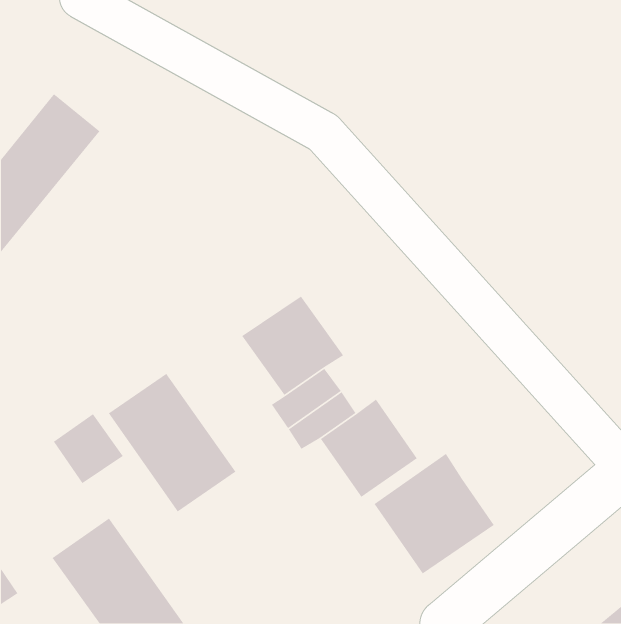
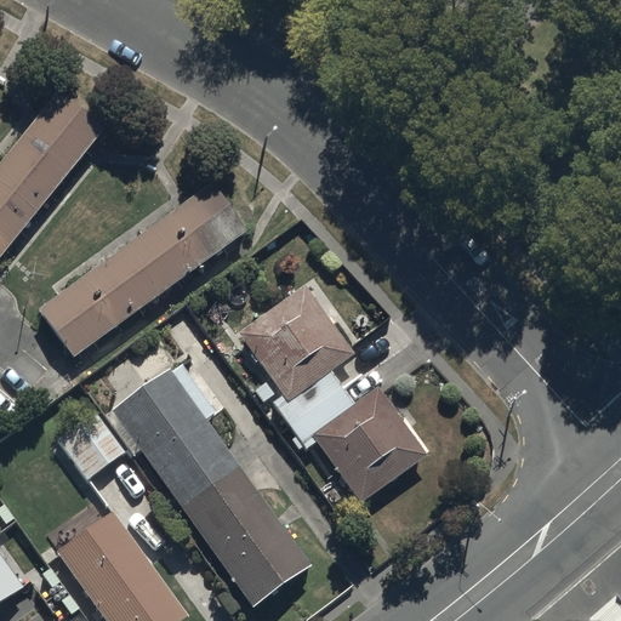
building: none -> [38,184,240,357]
building: [373,453,495,574] -> none
building: none -> [181,467,312,608]

